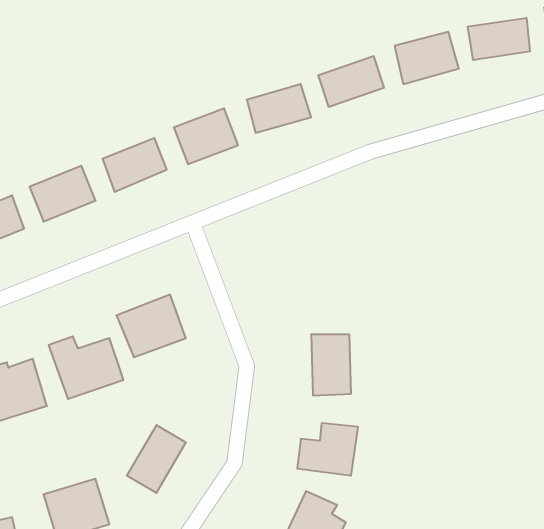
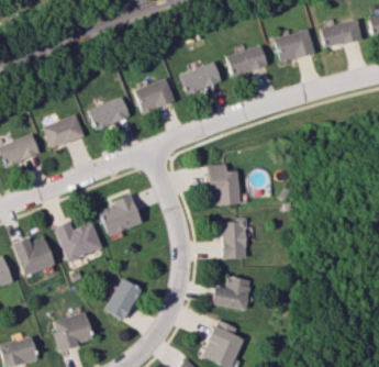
building: none -> [209,164,239,205]

